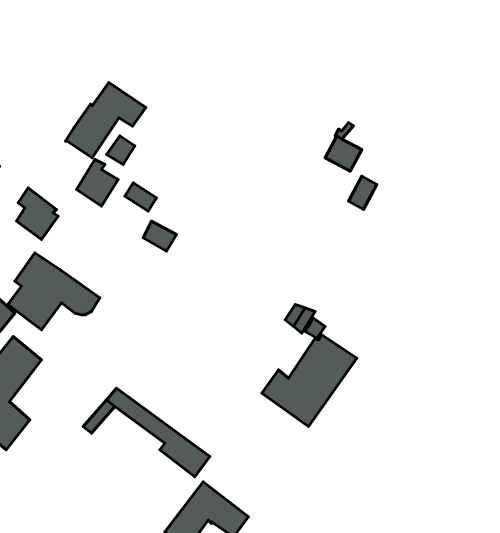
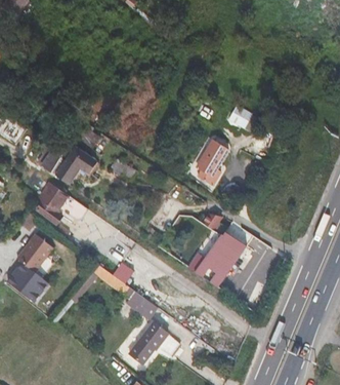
building: [66,83,146,158] -> [48,145,97,191]
building: none -> [197,139,228,182]

